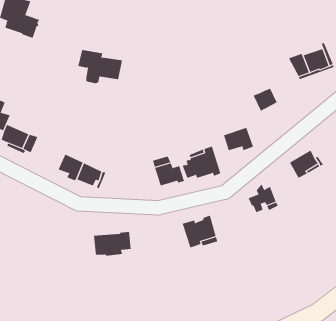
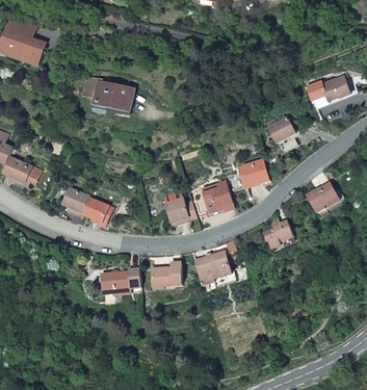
building: none -> [152,262,180,287]

